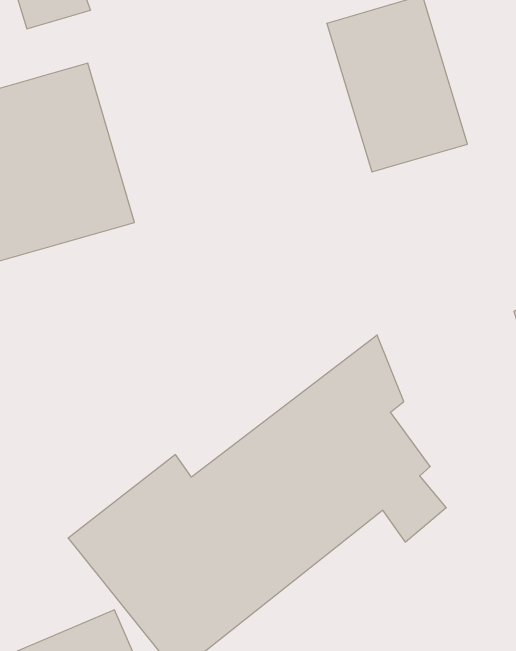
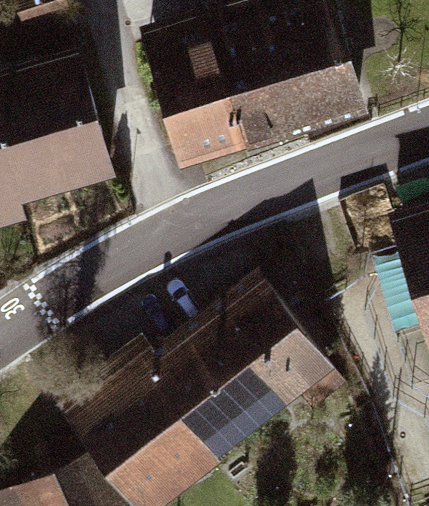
building: none -> [150,29,289,172]

